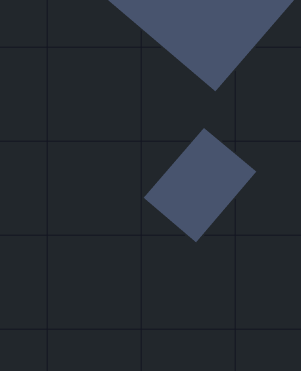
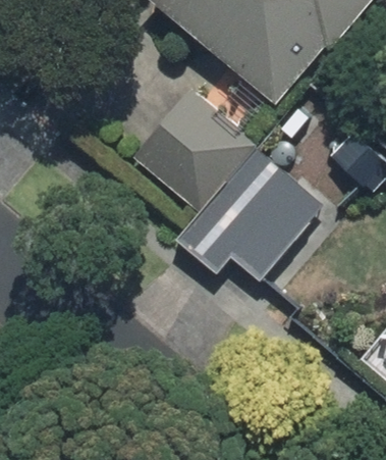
building: none -> [132,78,266,211]

